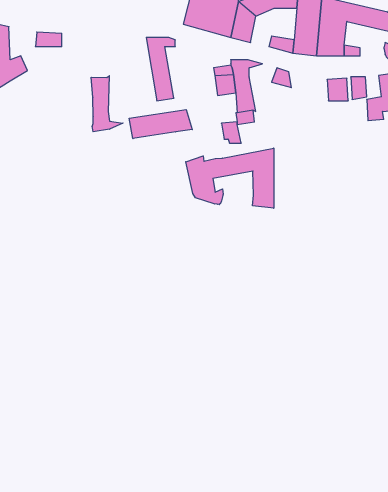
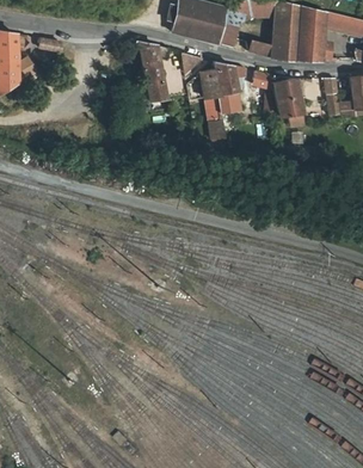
building: none -> [273,78,306,127]
building: [91,76,123,132] -> none
building: [129,110,192,139] -> none
building: [186,148,274,208] -> none

